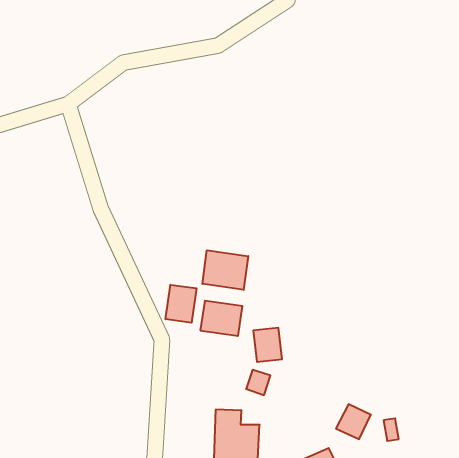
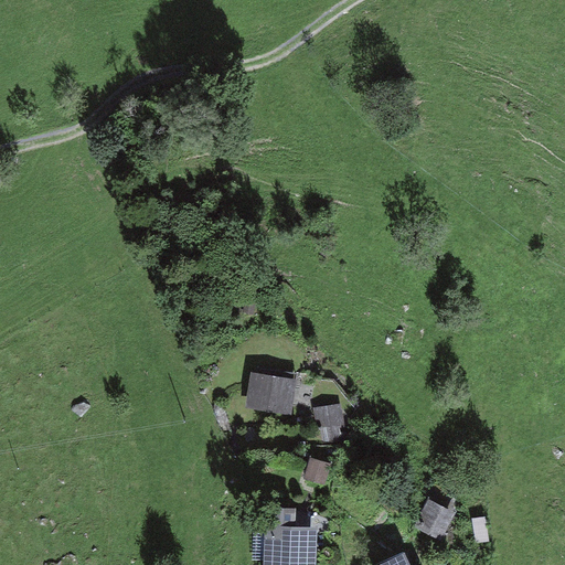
building: [202,250,248,290] -> none
building: [166,285,197,323] -> none

